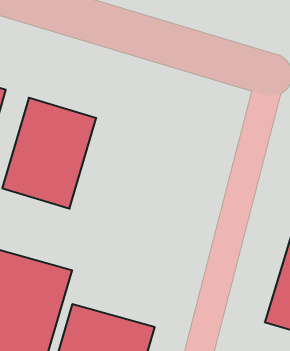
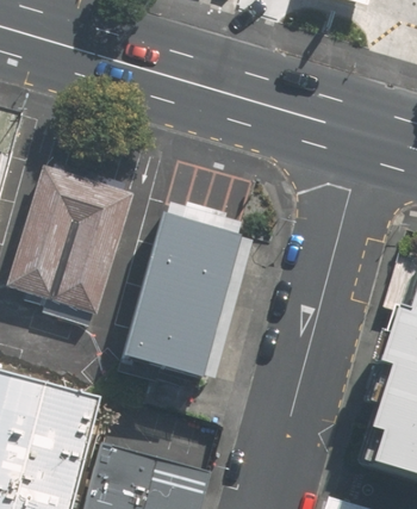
building: none -> [120,213,249,385]

